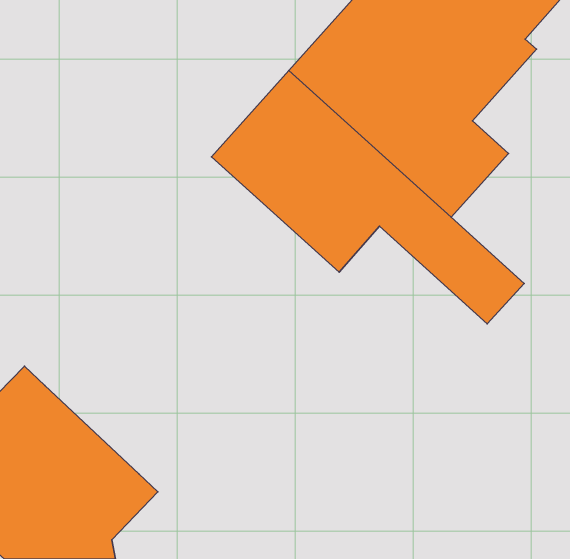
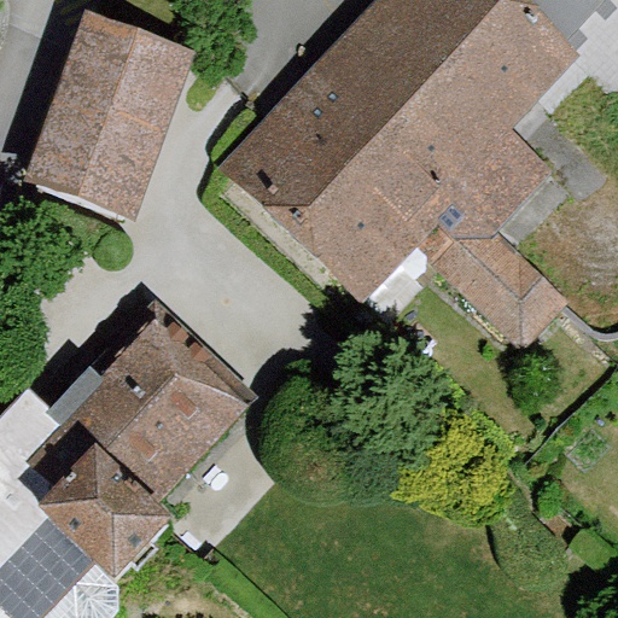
building: none -> [29,21,171,218]
building: none -> [48,311,247,511]

